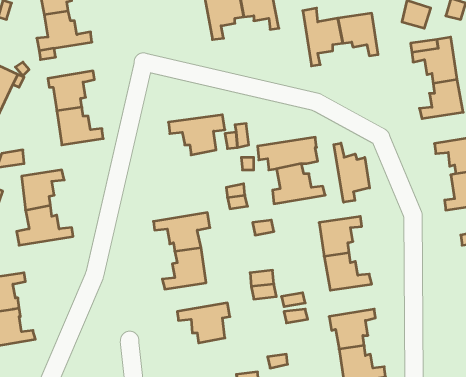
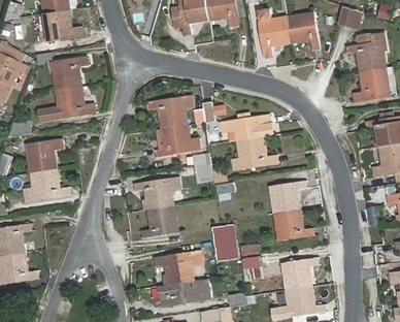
building: [334,143,370,202] -> none
building: none -> [154,125,199,159]
building: none -> [159,279,208,305]

